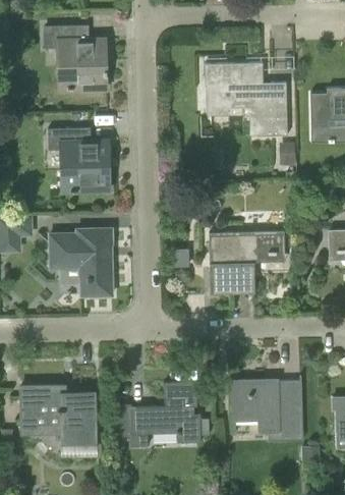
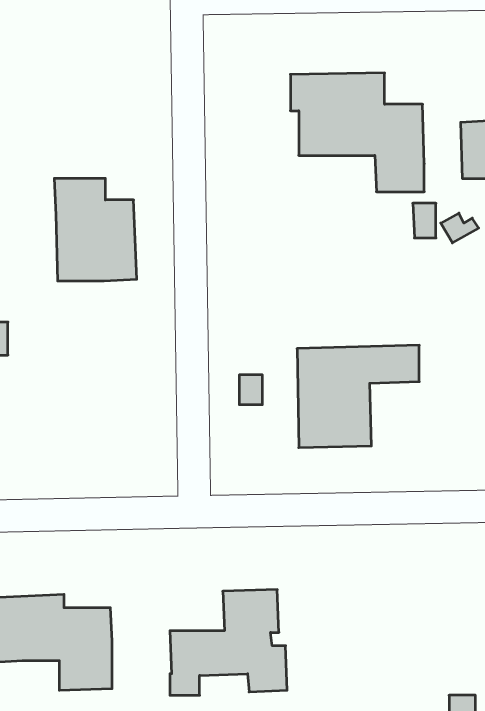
building: [56,26,106,91] -> none
building: [50,229,112,296] -> none
building: [232,381,303,442] -> none

